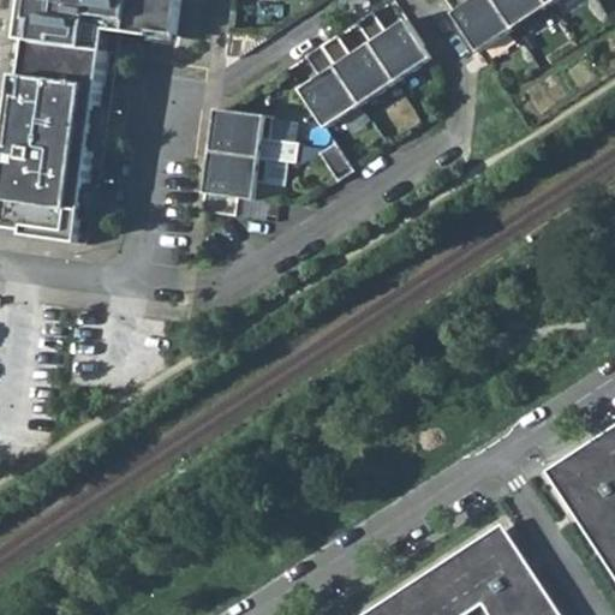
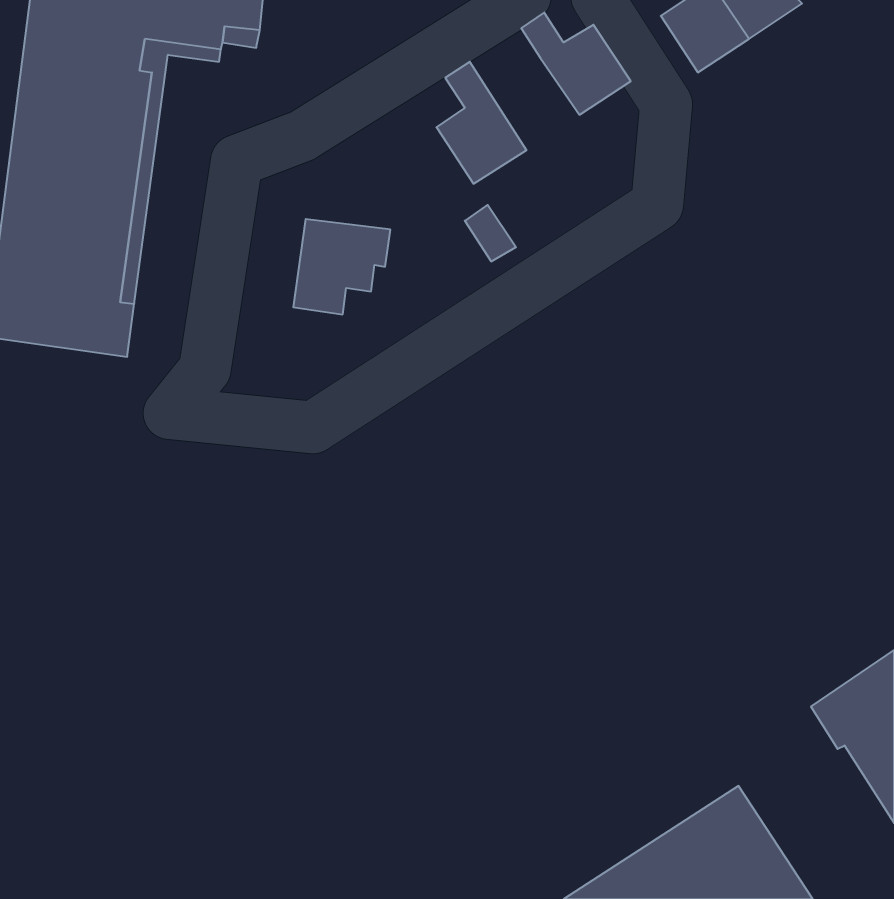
building: [320,32,394,102] -> none
building: [208,107,295,160] -> none

